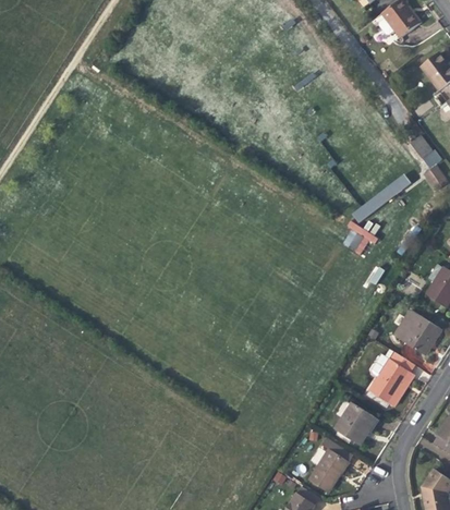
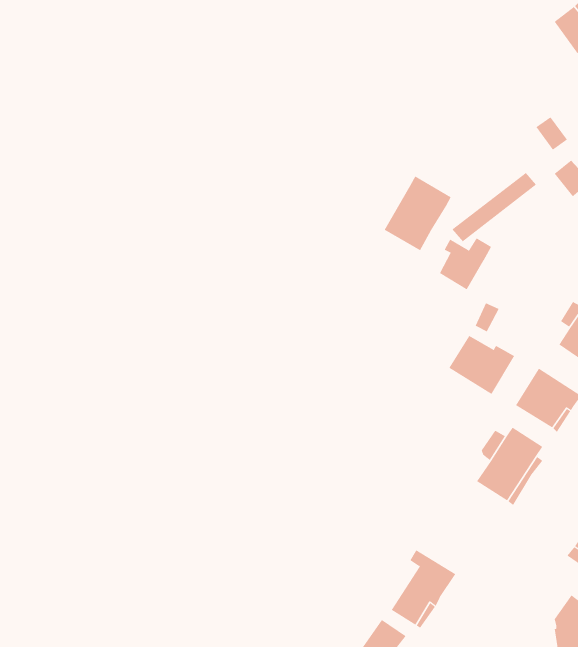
building: none -> [384,176,452,251]
building: none -> [449,335,515,395]
building: [335,402,374,446] -> none

